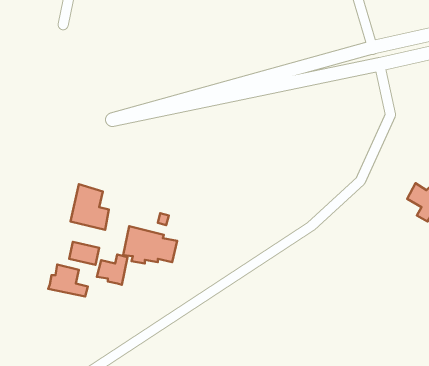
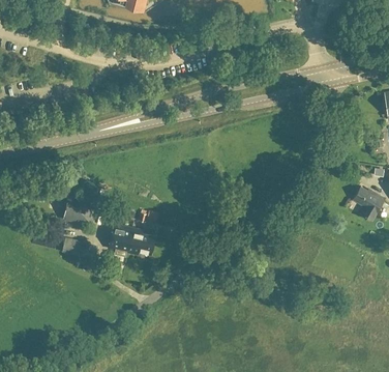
building: [97,254,127,285] -> none
building: [48,264,88,296] -> none

